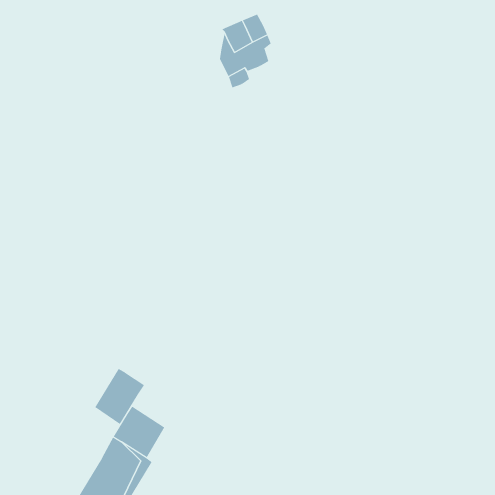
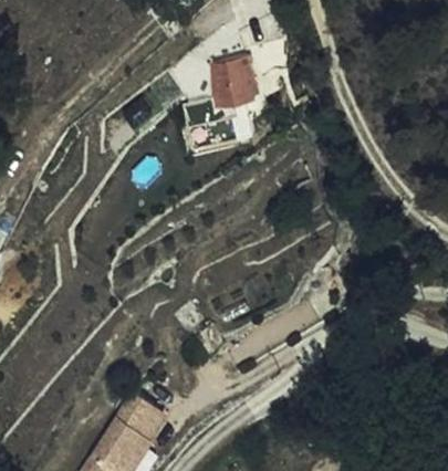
building: [95,368,145,425] -> none

